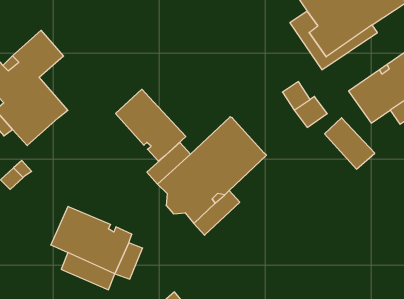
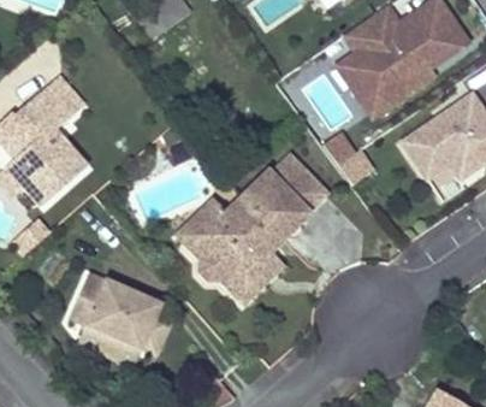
building: [116,89,186,161] -> none
building: [325,118,375,169] -> [272,154,328,212]

